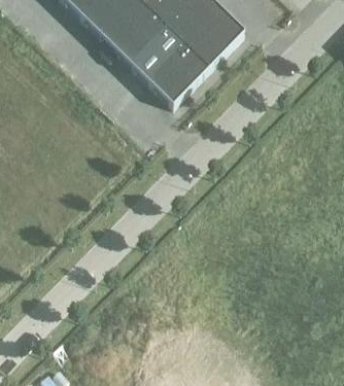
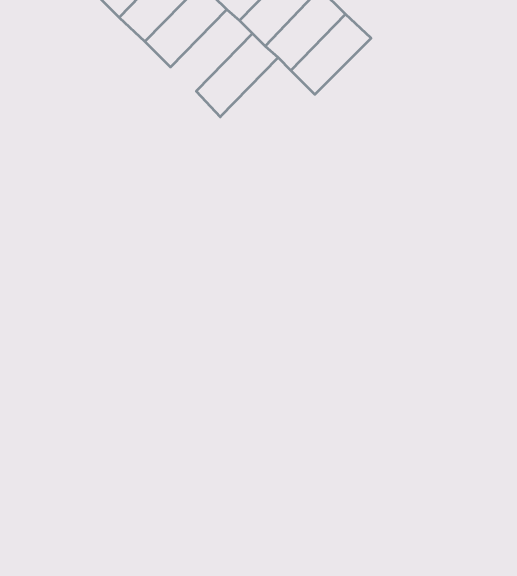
building: [115,7,168,60] -> none
building: [147,38,208,100] -> none

